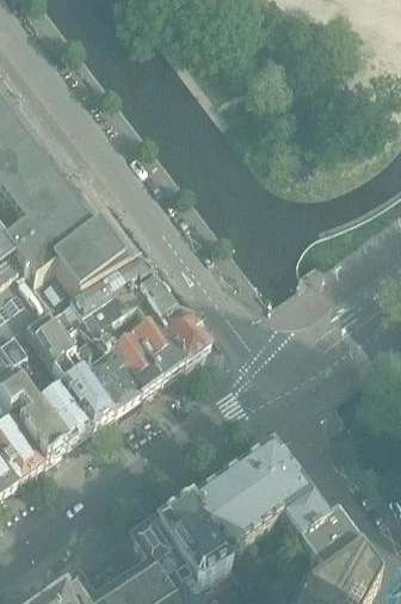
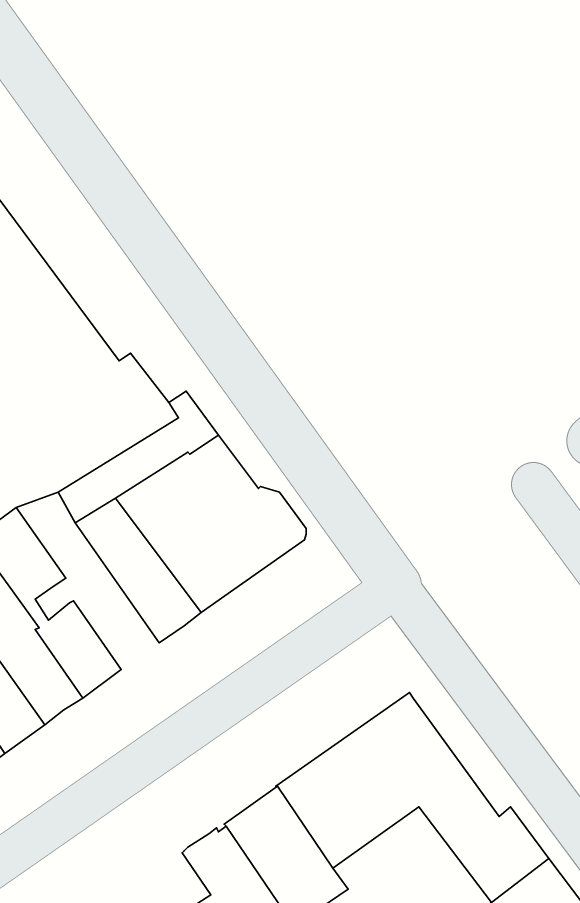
building: [26,312,116,423] -> none

